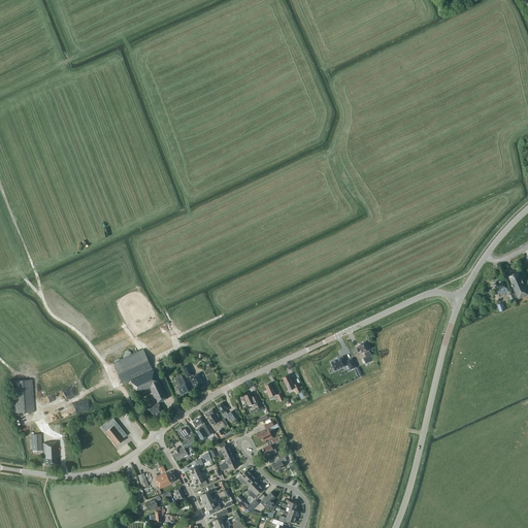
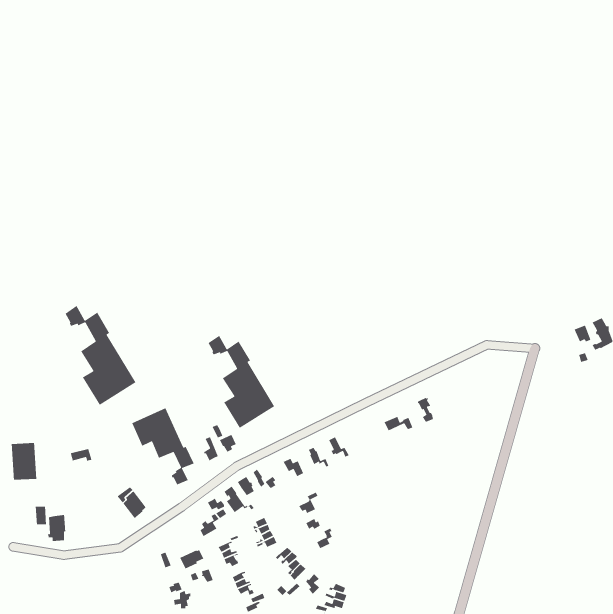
building: none -> [65,305,136,406]
building: none -> [208,335,275,429]

